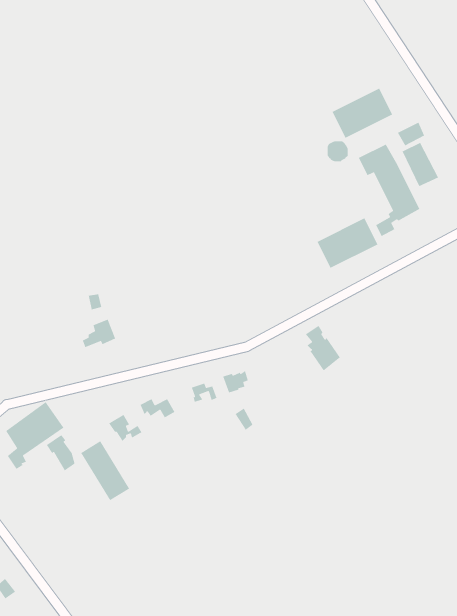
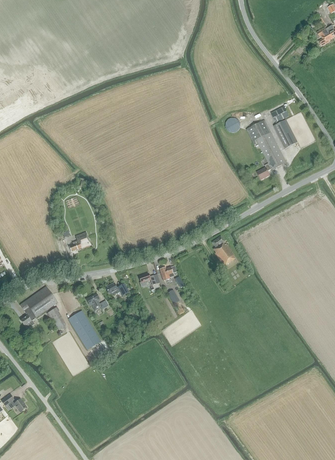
building: [332,88,393,139] -> none
building: [316,217,378,269] -> none

